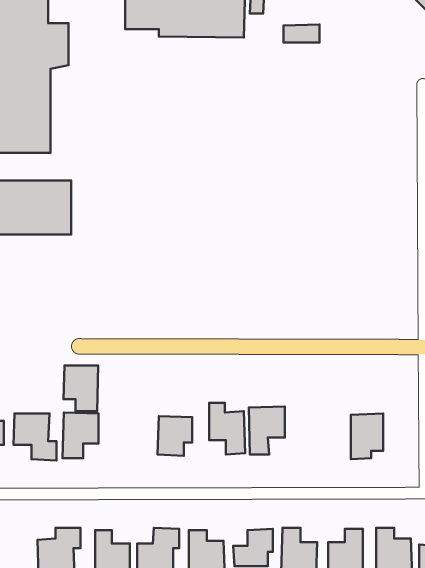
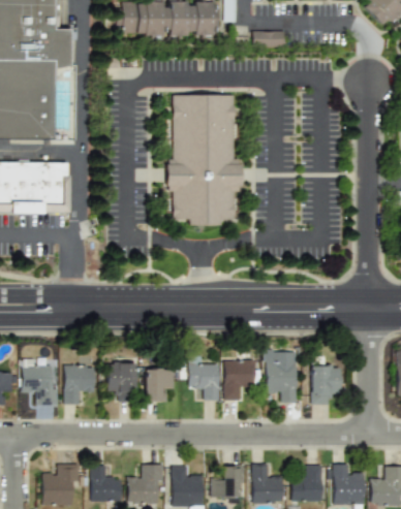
building: none -> [171,97,239,225]
building: [63,366,98,411] -> [106,361,136,401]
building: none -> [266,360,297,402]

